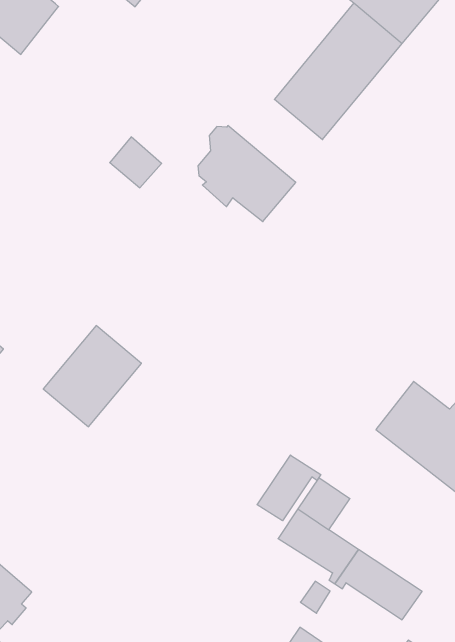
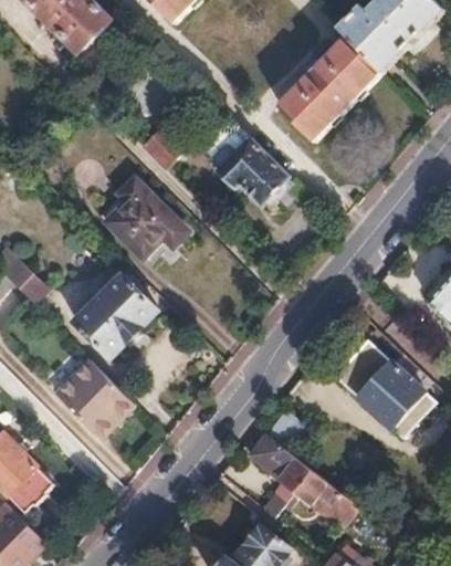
building: none -> [103,176,183,254]
building: none -> [53,357,132,436]
building: [257,455,321,521] -> none

